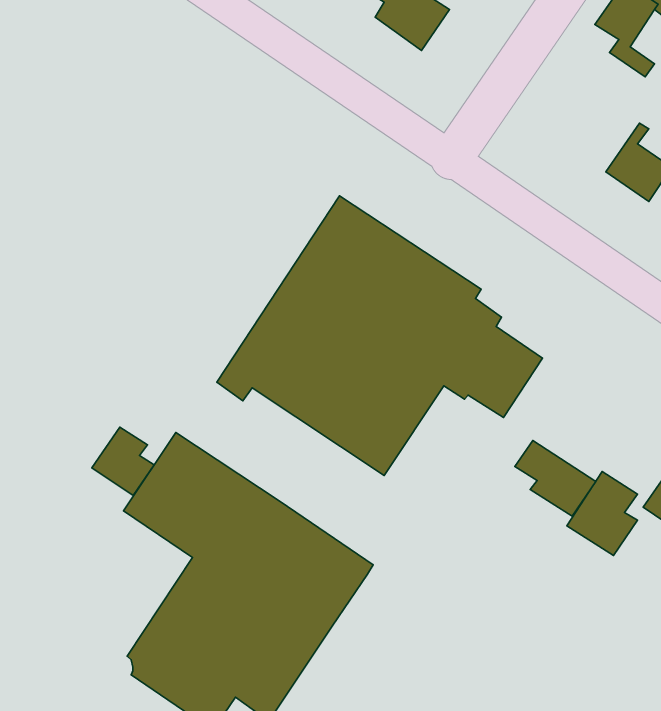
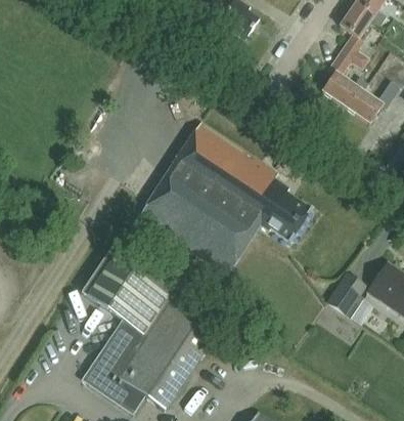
building: none -> [323,42,368,108]
building: [92,427,154,495] -> none
building: [515,440,596,516] -> none

